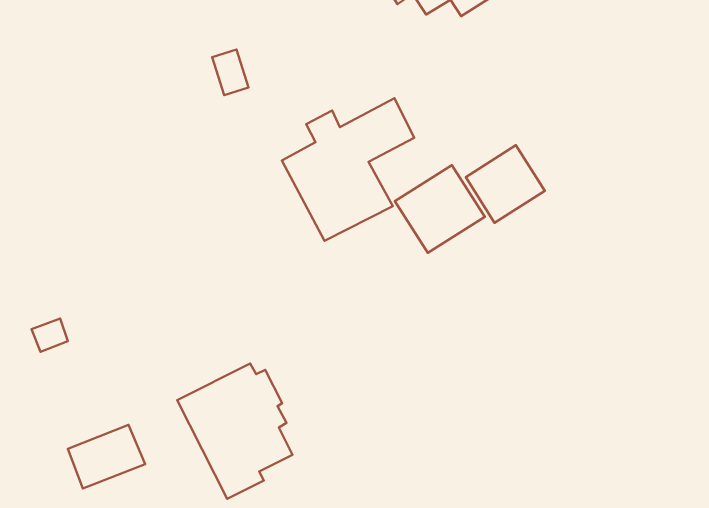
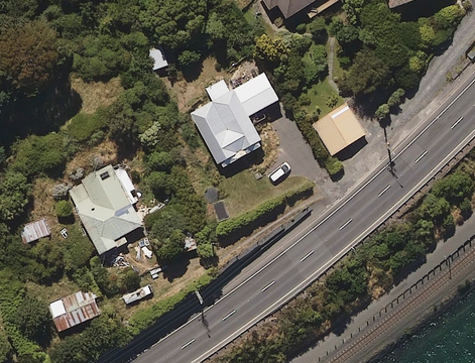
building: [395,165,485,253] -> none
building: [177,364,293,499] -> [66,163,142,253]

